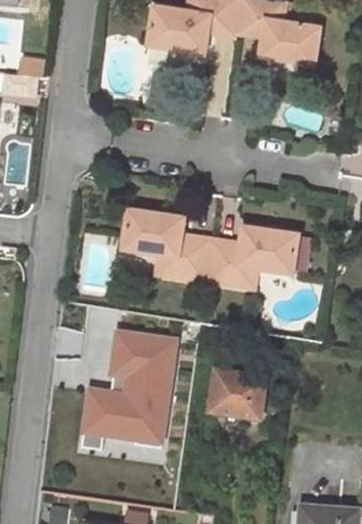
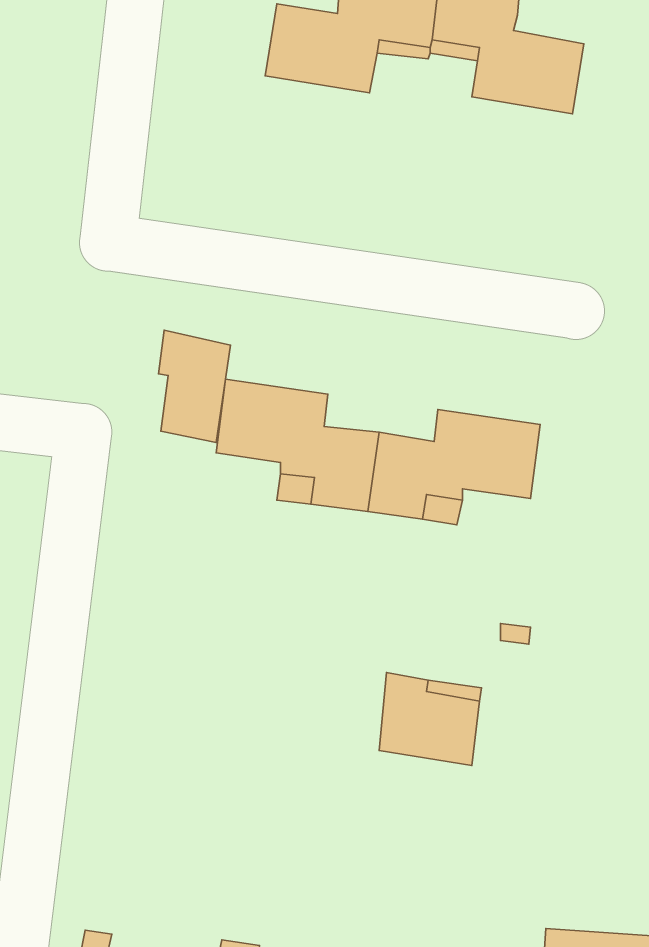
building: none -> [158,330,231,442]
building: [80,330,179,448] -> none

